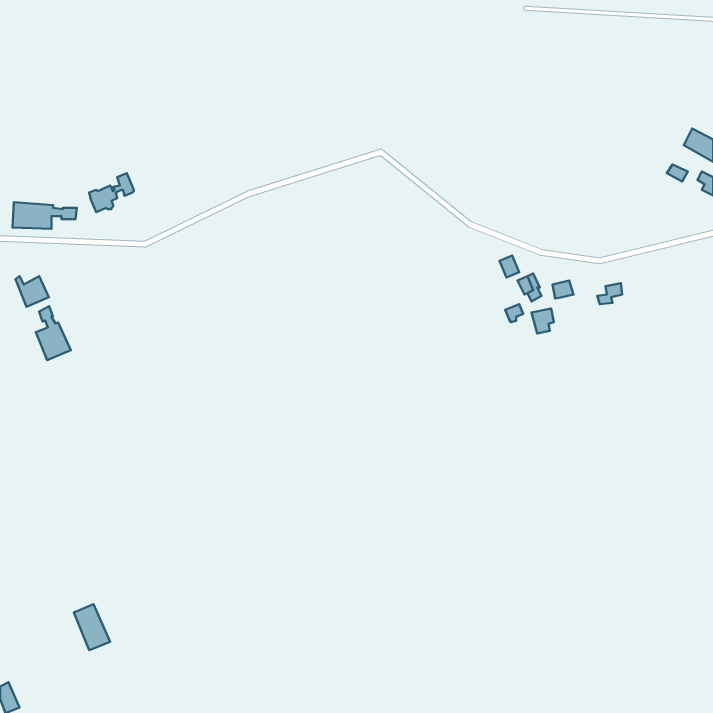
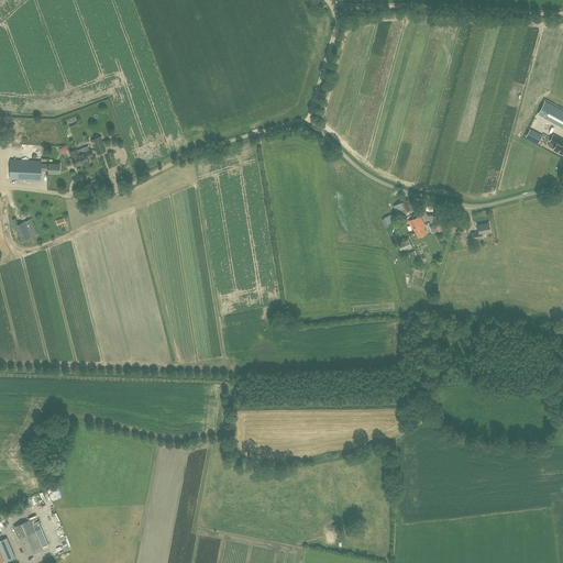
building: [36,306,71,360] -> none
building: [74,604,110,650] -> [14,520,43,556]

